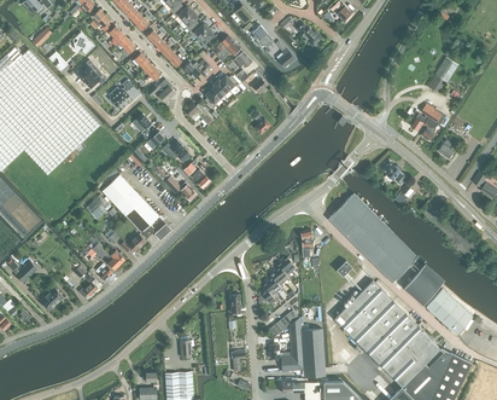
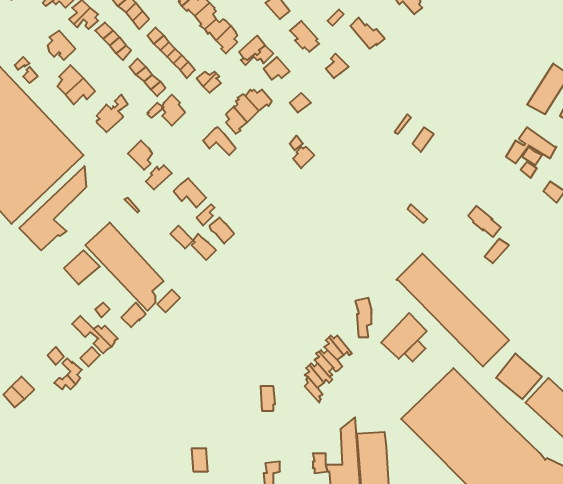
building: none -> [19,166,86,250]
building: none -> [381,313,427,359]

